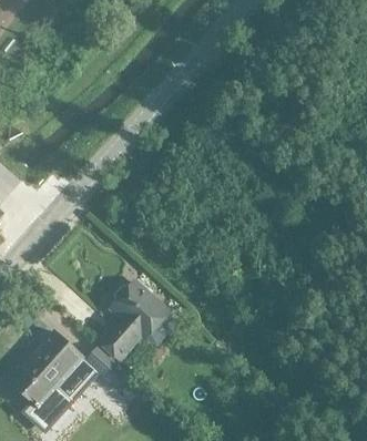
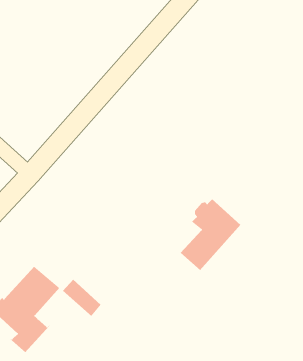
building: [102,283,170,362] -> [180,199,241,271]

